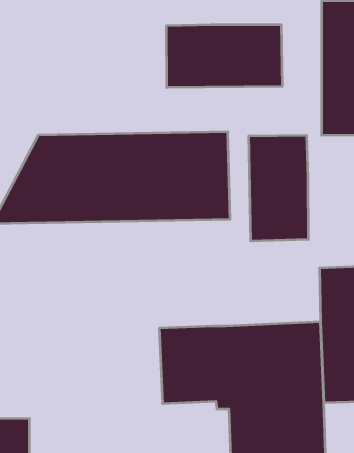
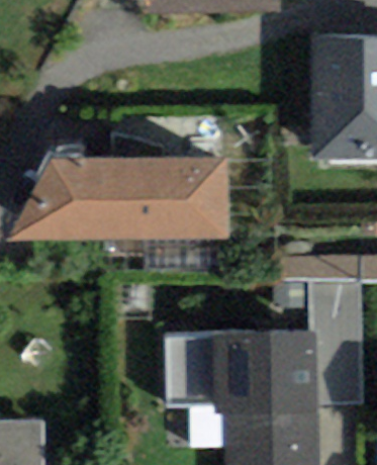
building: [167,24,282,88] -> none
building: [249,135,308,241] -> none

